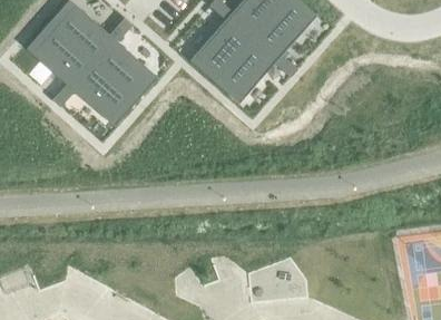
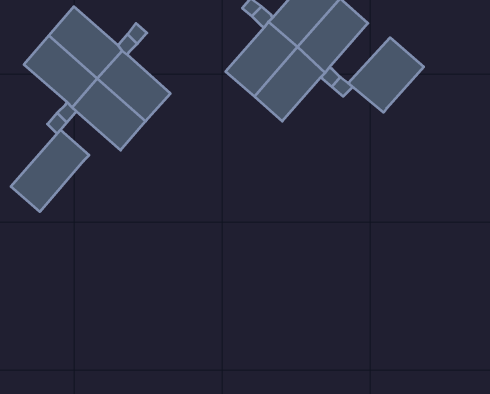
building: none -> [348,38,424,112]
building: none -> [11,130,89,212]

